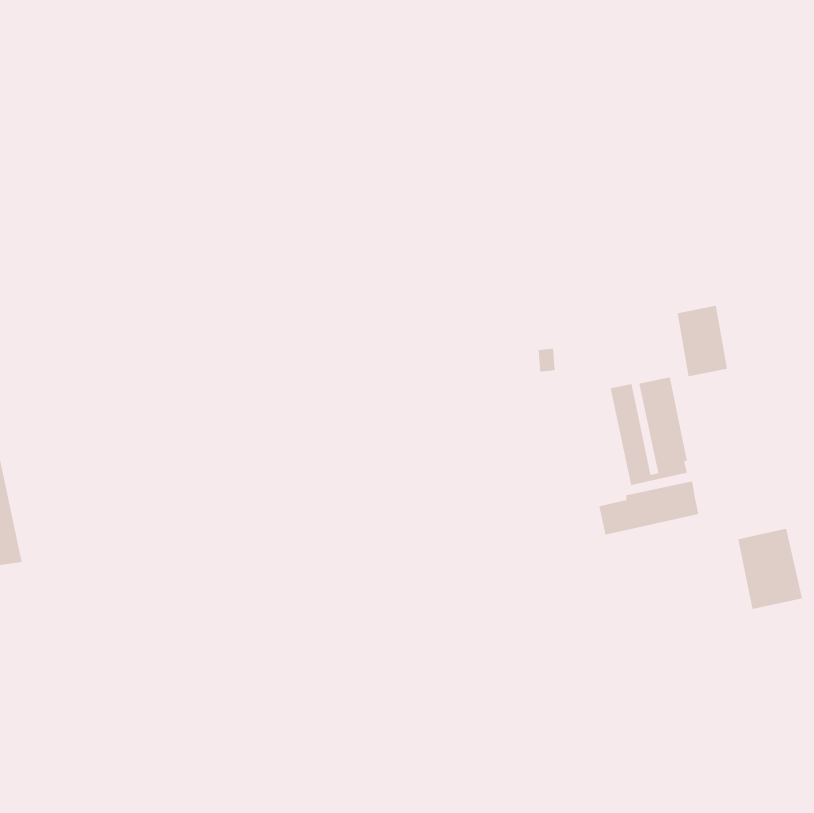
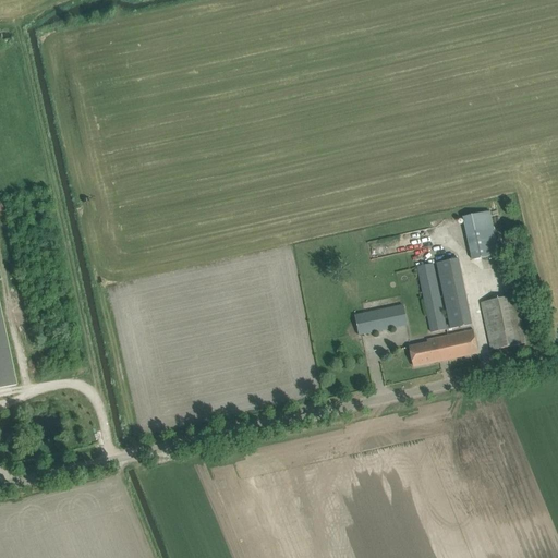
building: none -> [353,303,407,332]
building: [737,528,803,610] -> [481,293,525,349]

